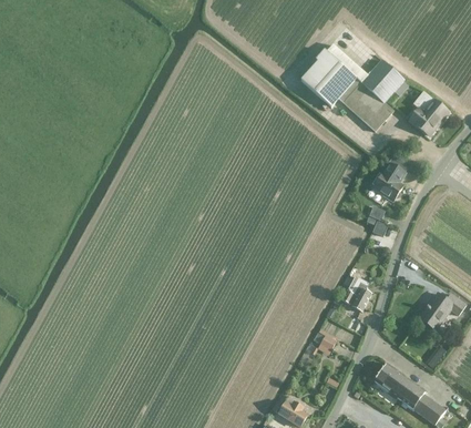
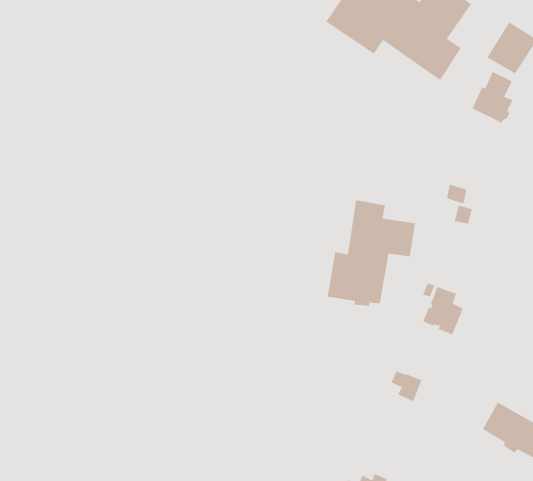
building: [373,163,405,201] -> [472,71,513,124]
building: none -> [327,199,415,307]

